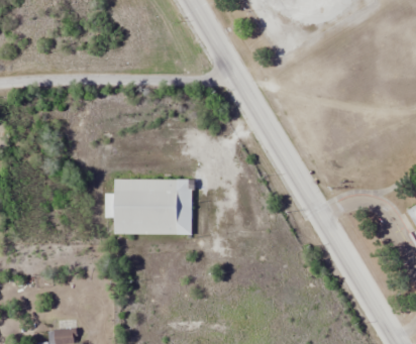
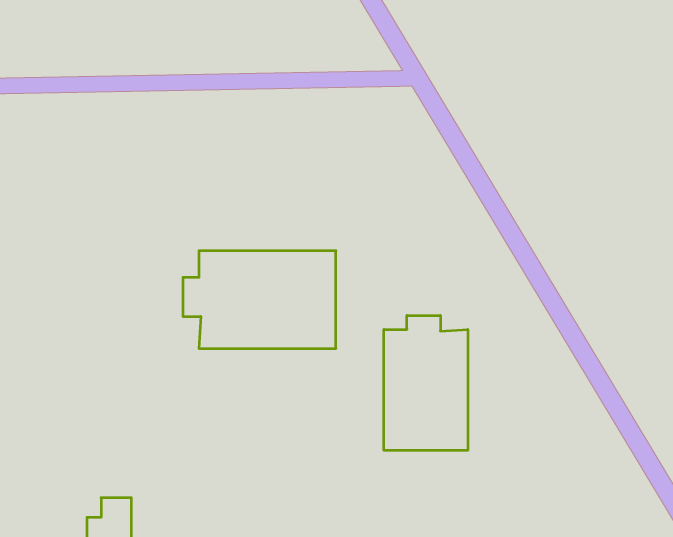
building: none -> [384,315,468,450]

